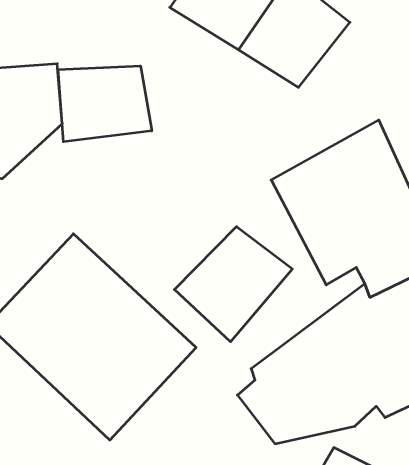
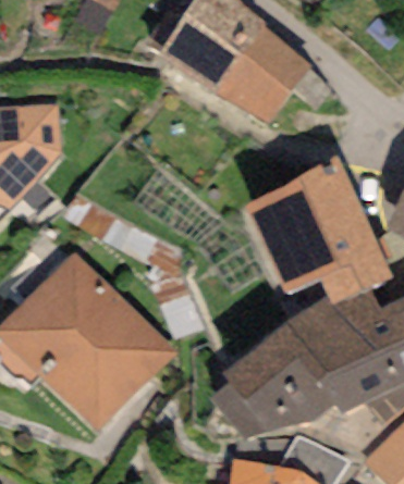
building: [58,66,152,142] -> none
building: [174,227,292,342] -> none

